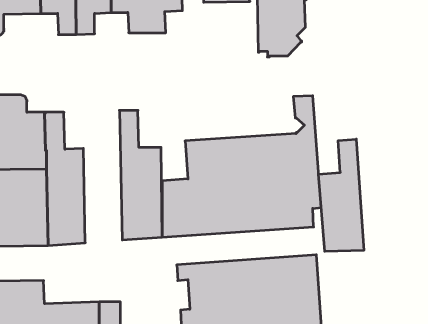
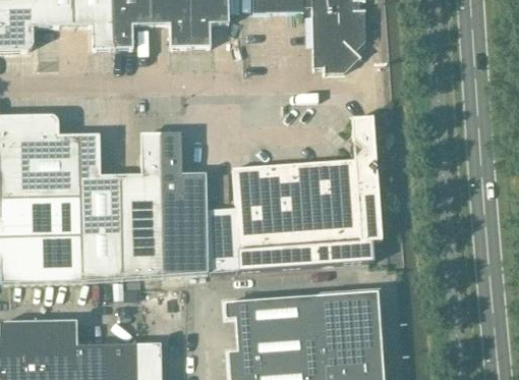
building: none -> [120,132,163,278]
building: [319,139,364,251] -> none

